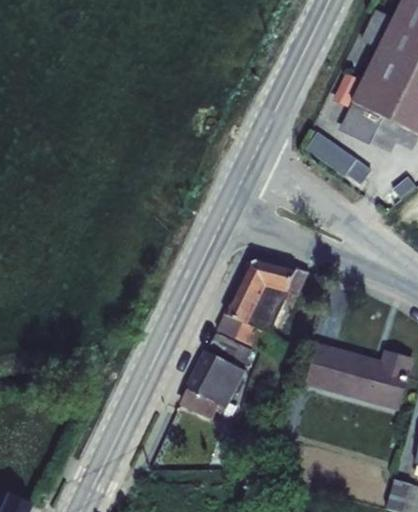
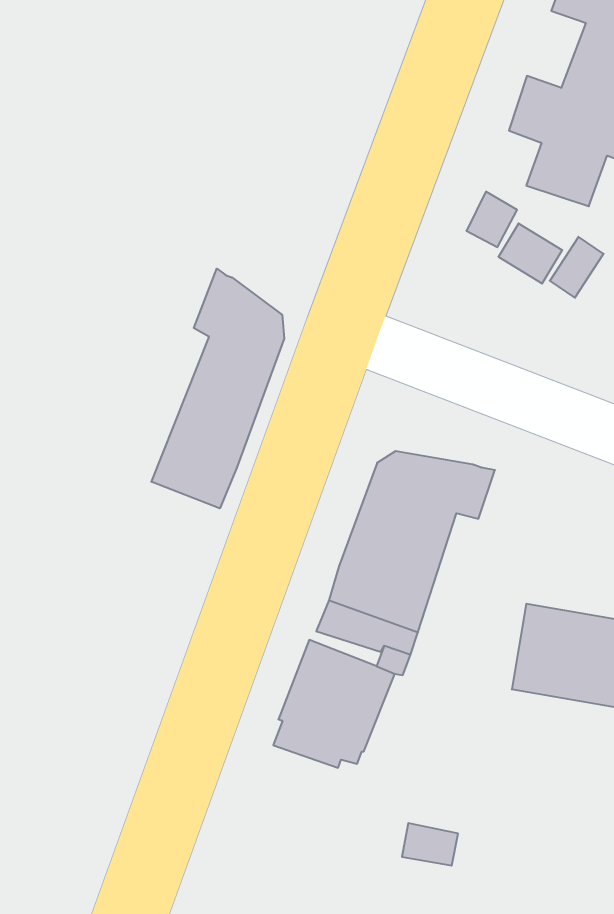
building: none -> [151,269,284,508]

